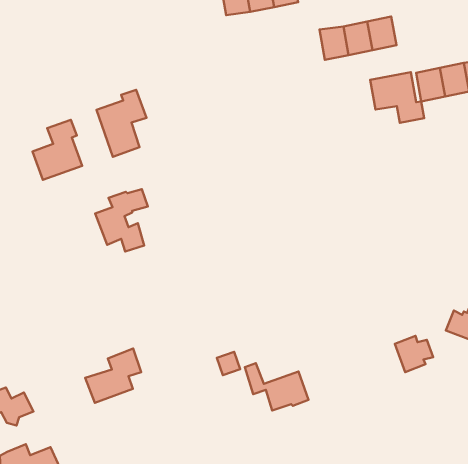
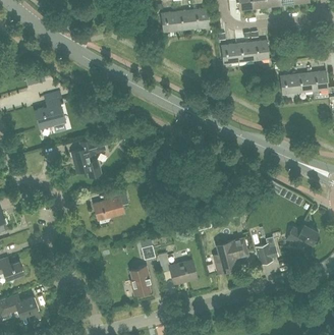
building: [370,72,424,123] -> none
building: [96,90,146,157] -> none
building: none -> [214,238,249,273]
building: [85,349,141,403] -> [94,187,129,220]
building: none -> [130,266,151,295]

